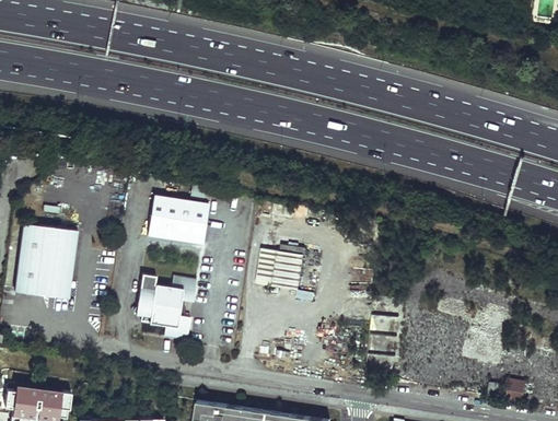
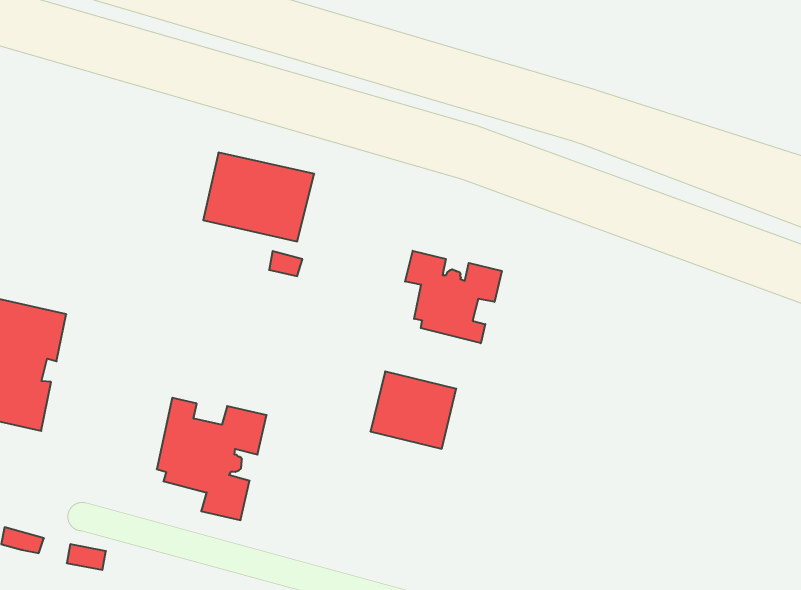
building: none -> [405,251,502,343]
building: [146,196,207,243] -> [203,153,314,241]

